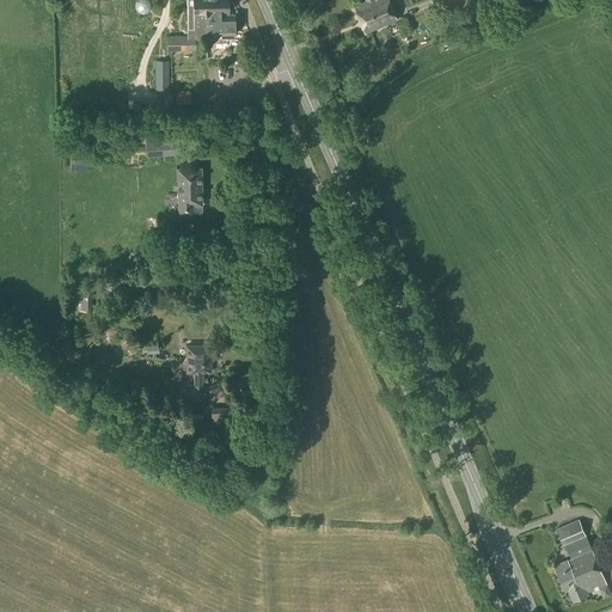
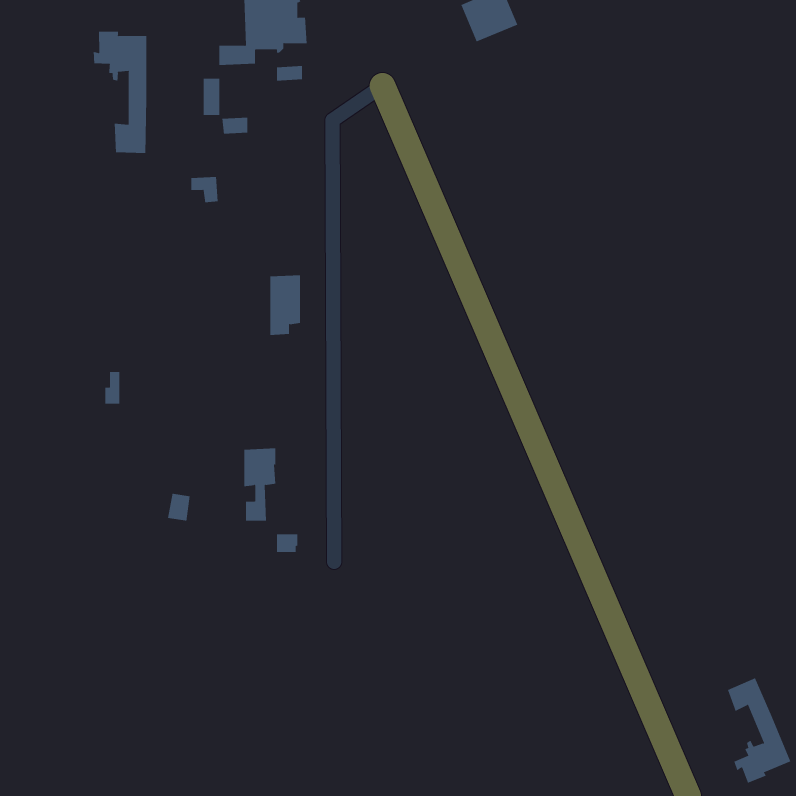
building: none -> [93,31,147,154]
building: [179,166,203,213] -> [269,275,301,336]
building: [555,540,586,583] -> none

